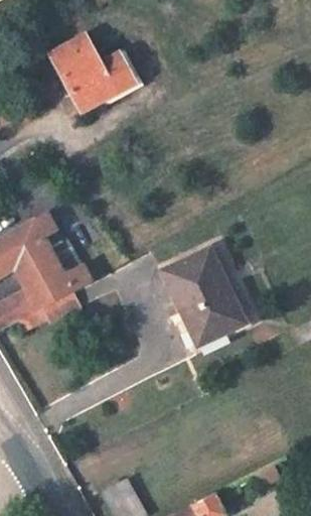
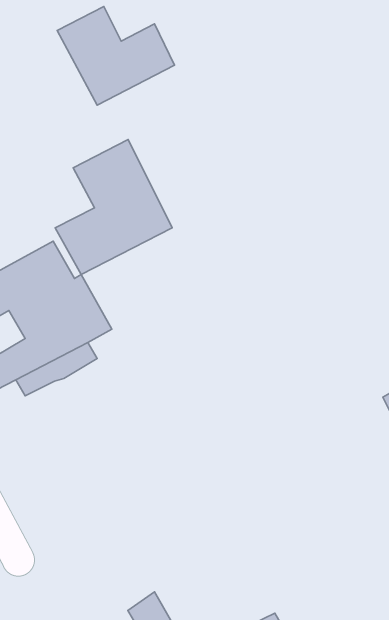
building: none -> [55,140,172,275]
building: [162,249,242,344] -> none

